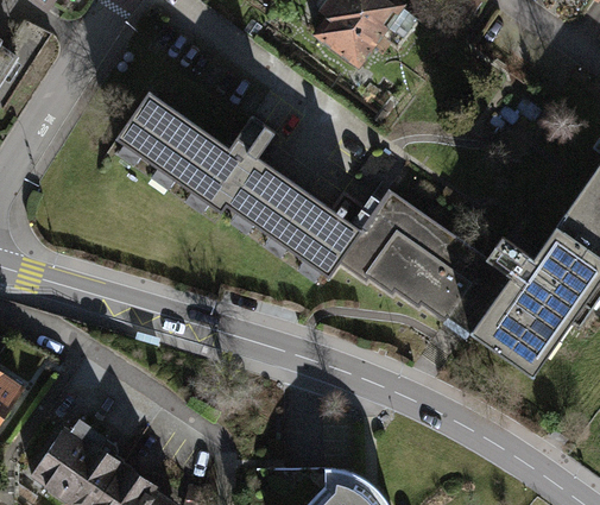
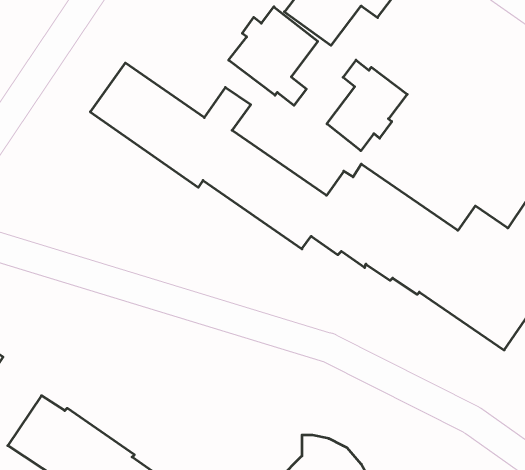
building: none -> [229,7,318,105]
building: none -> [327,60,407,151]

